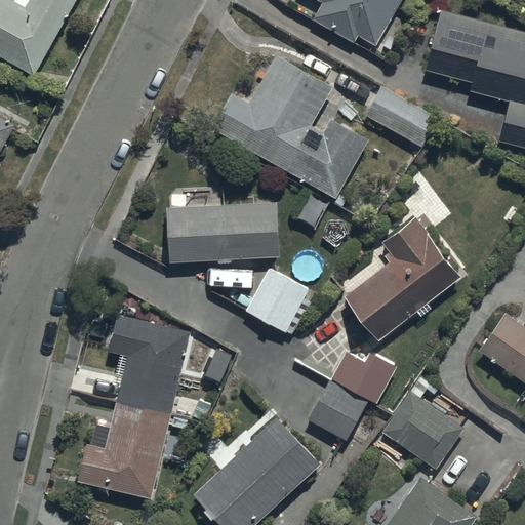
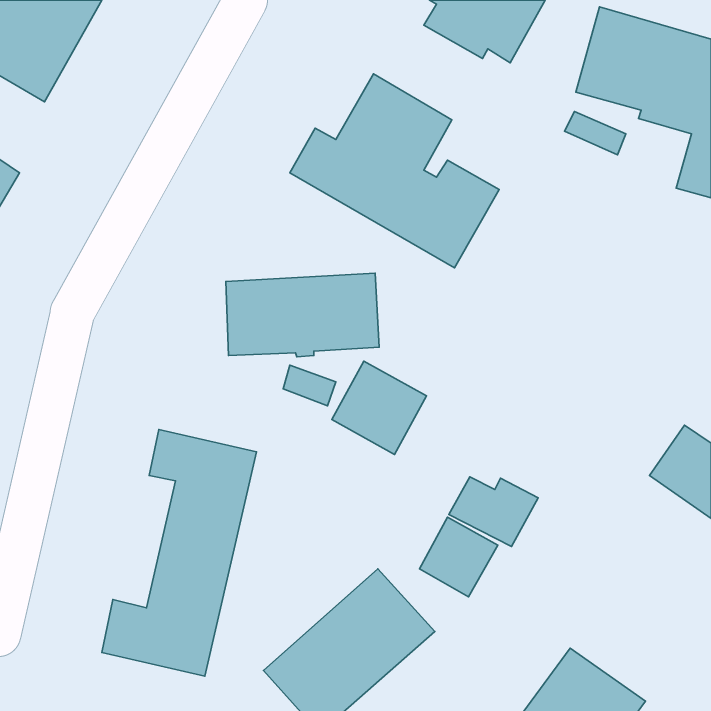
building: [364,86,436,147] -> none
building: [346,215,461,339] -> none
building: [382,391,465,469] -> none

